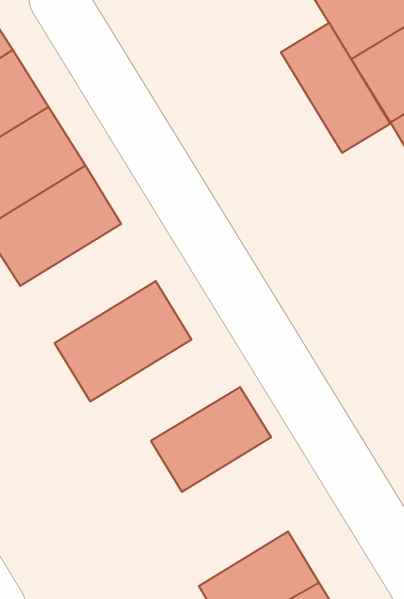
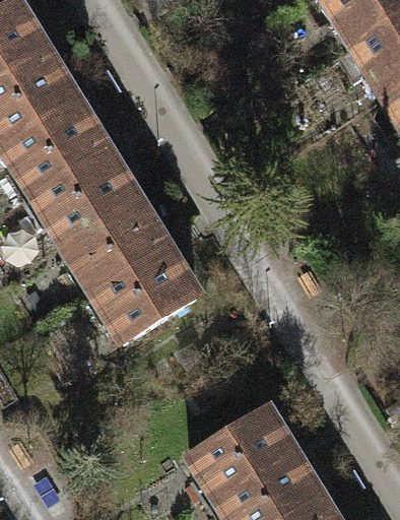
building: [281,23,390,153] -> none
building: none -> [58,191,174,292]
building: [151,387,271,492] -> [184,410,286,500]

